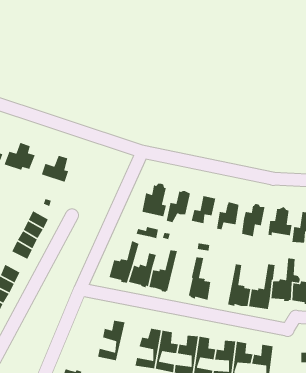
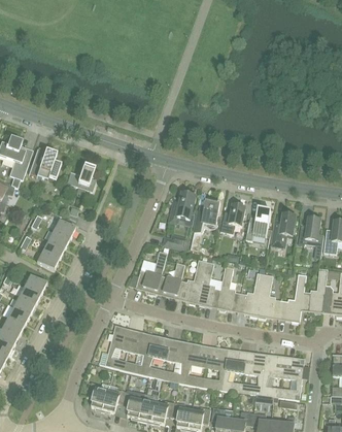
building: none -> [196,260,220,307]
building: none -> [237,272,265,315]
building: none -> [104,324,131,369]
building: none -> [143,333,169,378]

